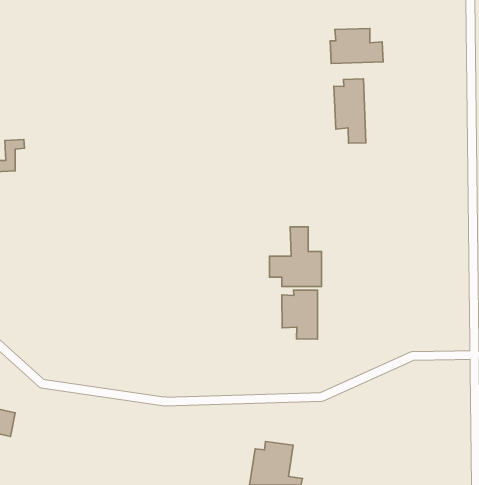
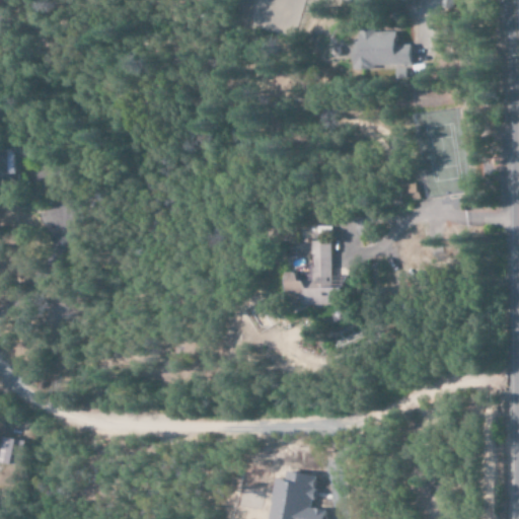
building: [334,79,366,143] -> none
building: [282,290,317,339] -> none

